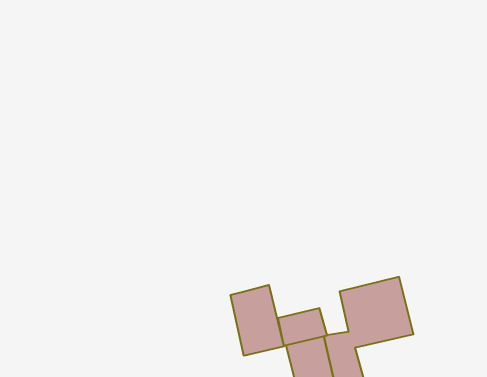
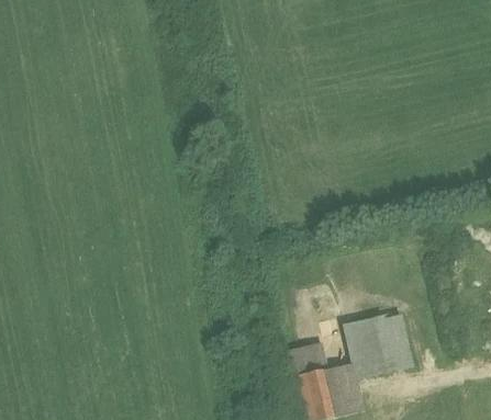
building: [231,285,284,356] -> none

